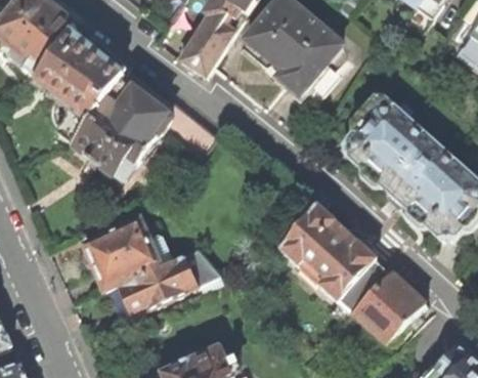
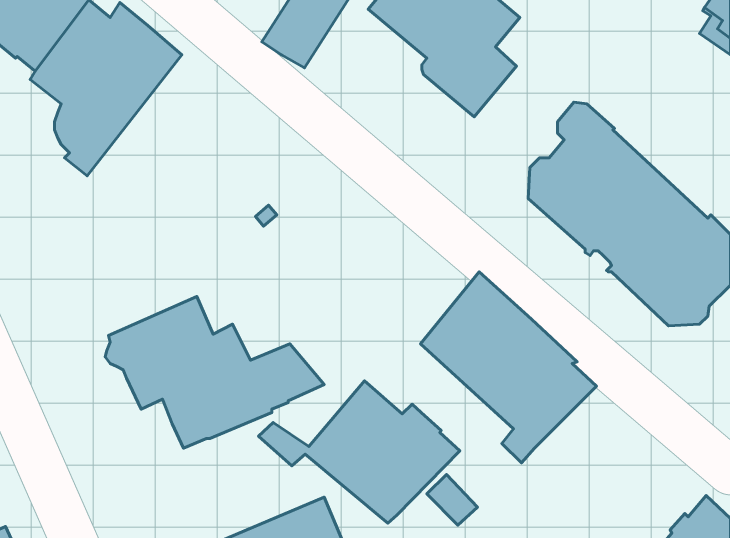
building: [72,66,219,179] -> none
building: none -> [259,381,460,523]
building: [352,271,427,344] -> none

